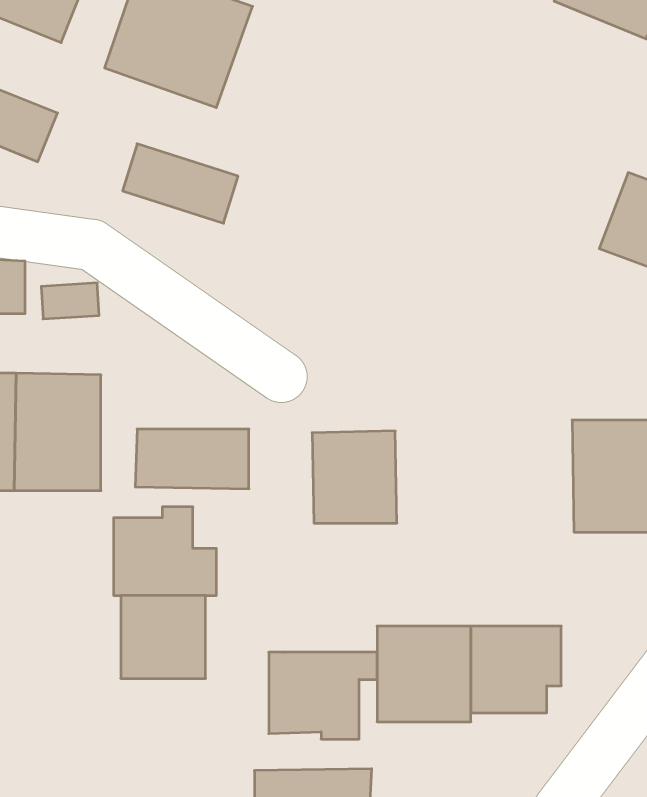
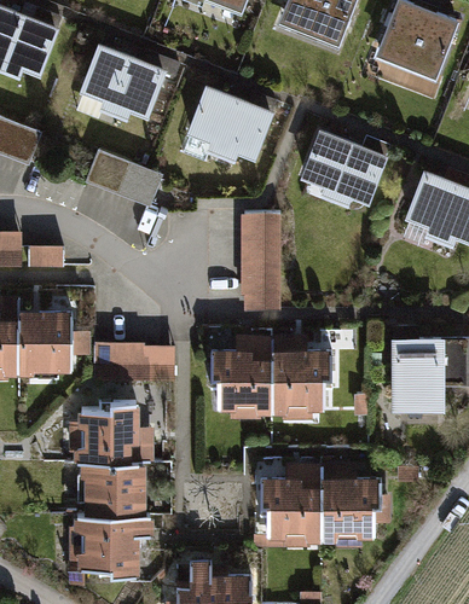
building: none -> [183,79,282,167]
building: none -> [299,127,398,211]
building: none -> [233,213,280,308]
building: none -> [267,345,326,407]
building: [269,652,377,739] -> [74,511,146,569]

